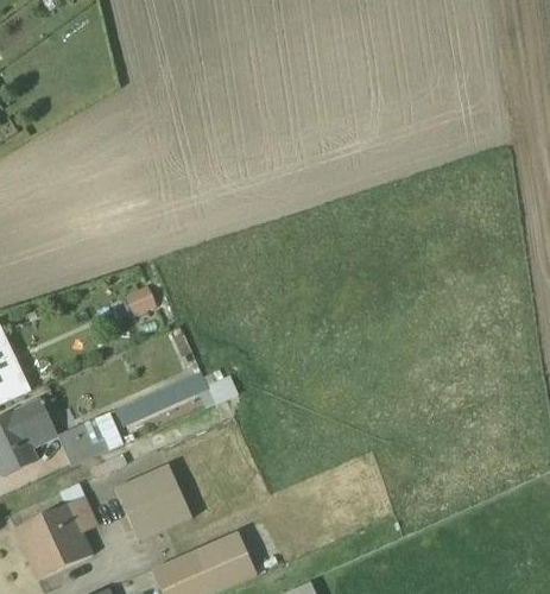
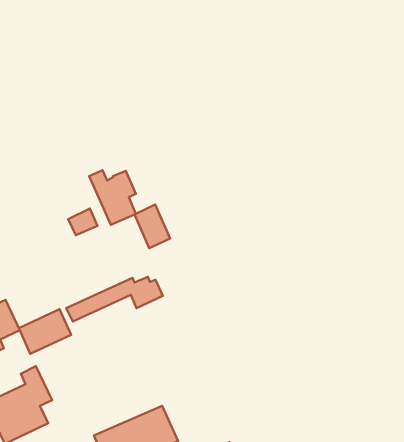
building: none -> [89,170,170,248]
building: [114,462,192,542] -> none

